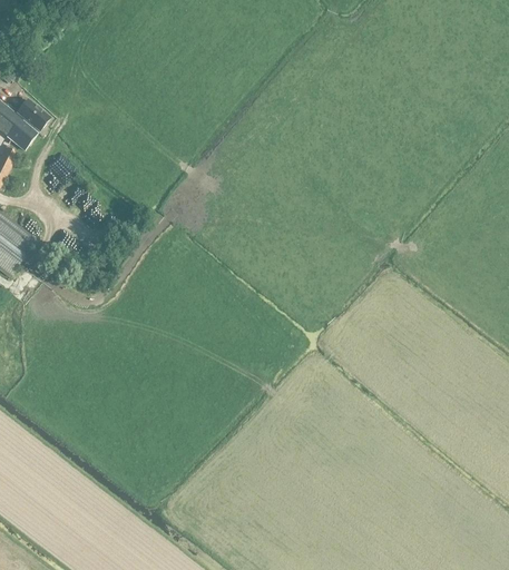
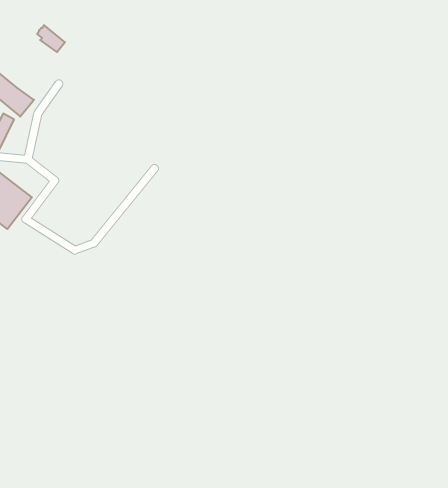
building: [18,101,49,131] -> [37,25,65,52]

